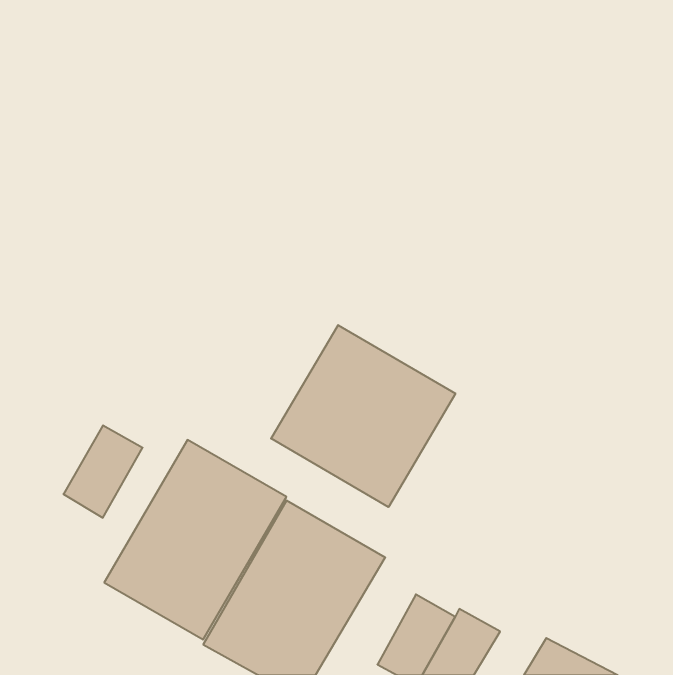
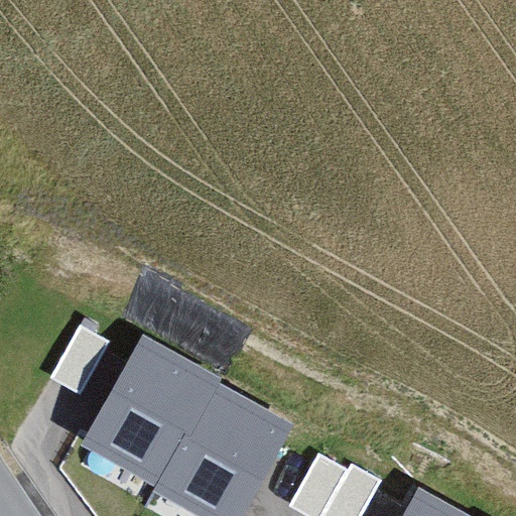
building: [271,325,455,507] -> none

